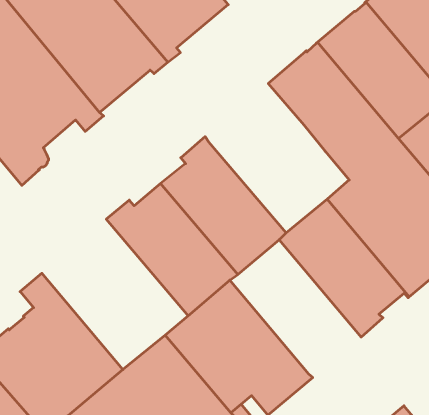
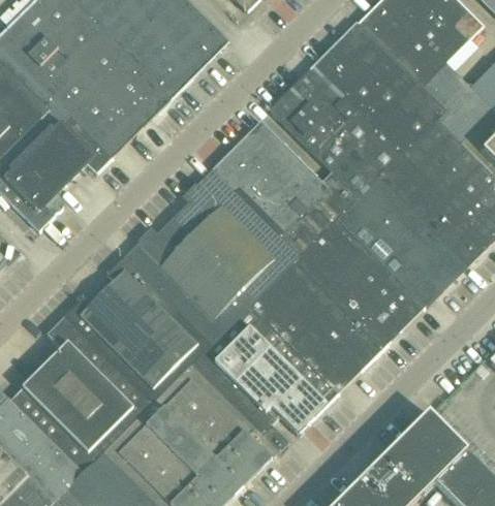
building: none -> [217,121,357,255]
building: none -> [66,257,212,402]
building: none -> [249,262,381,390]

